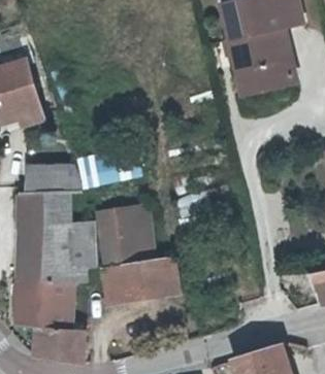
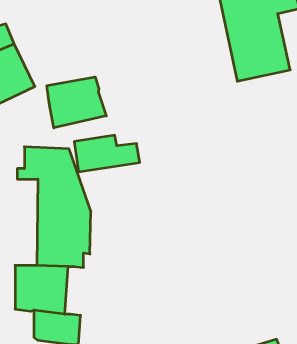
building: none -> [47,77,106,128]
building: [18,193,40,278] -> none
building: [100,206,187,305] -> none

